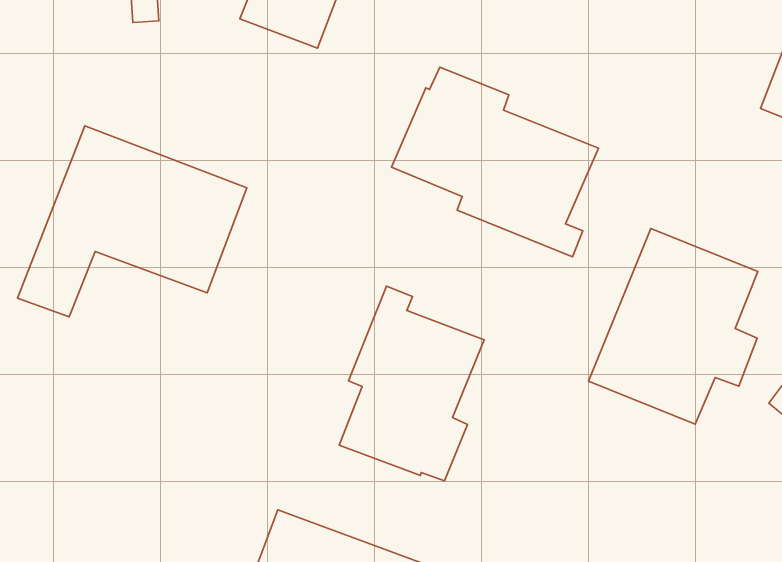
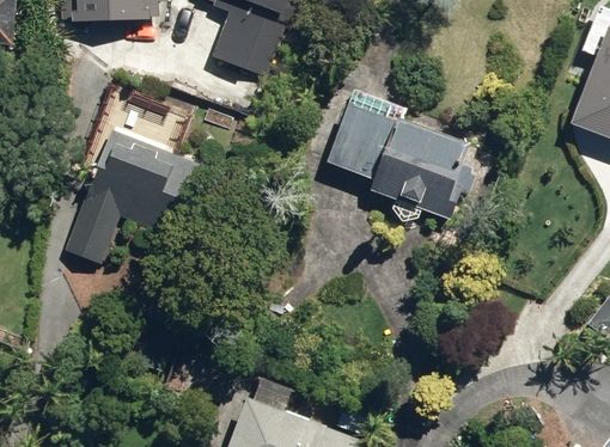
building: [588,229,758,424] -> none
building: [339,286,484,481] -> none

